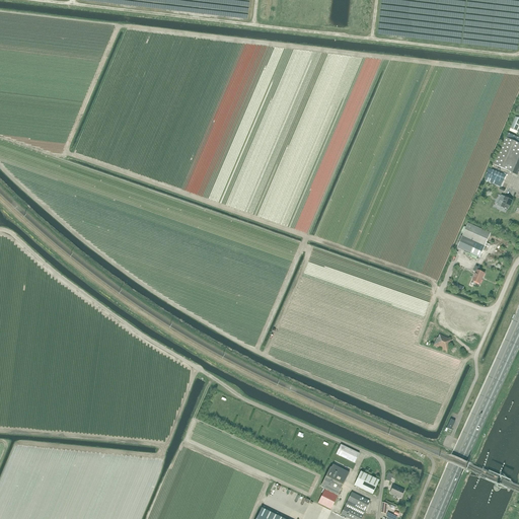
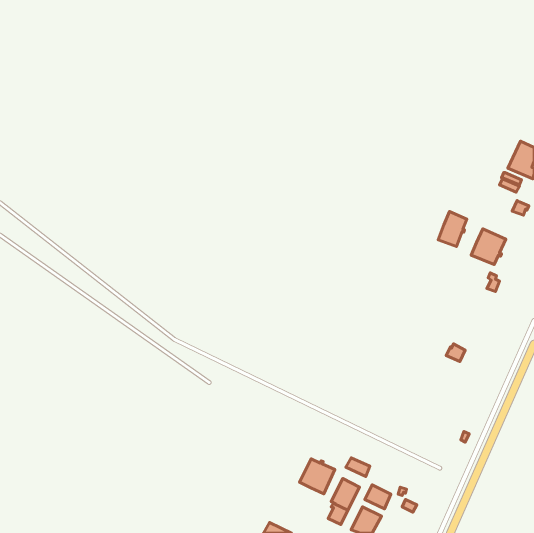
building: none -> [438,212,467,246]
building: none -> [299,459,335,494]

